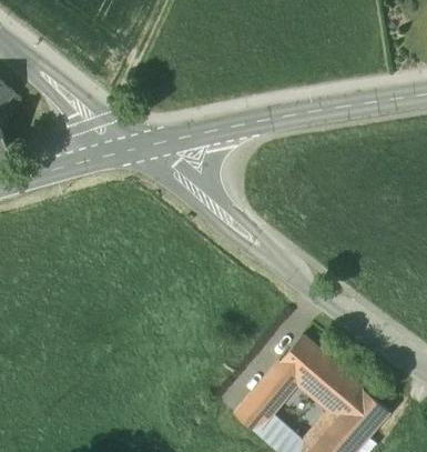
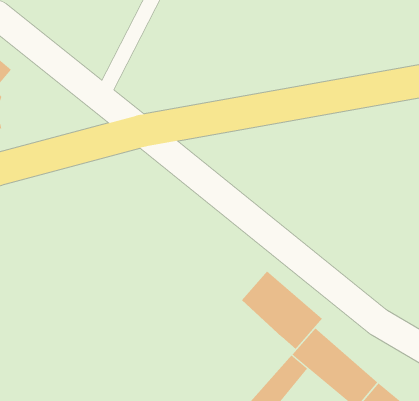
building: none -> [241,270,323,350]

